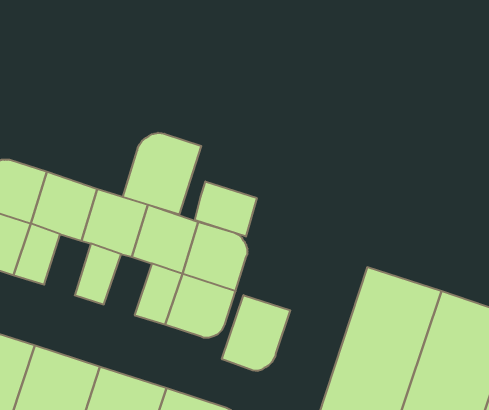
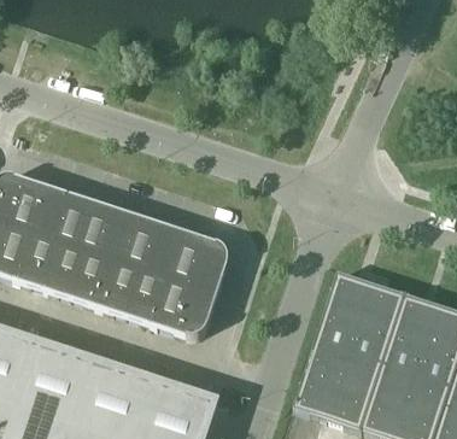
building: [123,133,201,214] -> none
building: [195,181,257,237] -> none
building: none -> [45,240,87,295]
building: none -> [99,258,142,314]
building: [222,295,290,371] -> none

